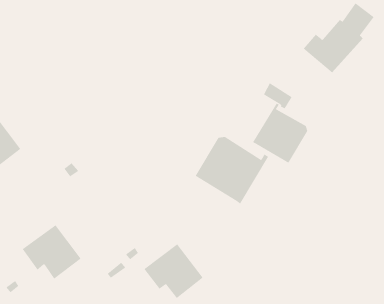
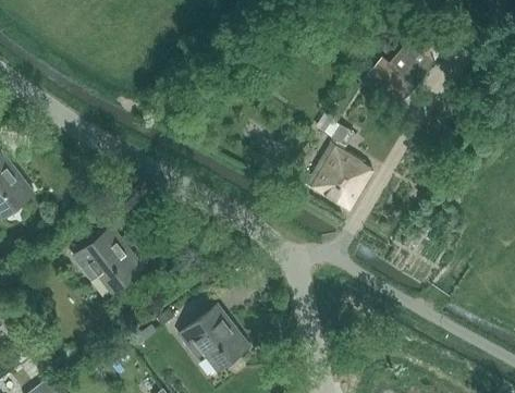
building: [195,136,269,204] -> none
building: [22,224,82,280] -> [72,228,143,293]

